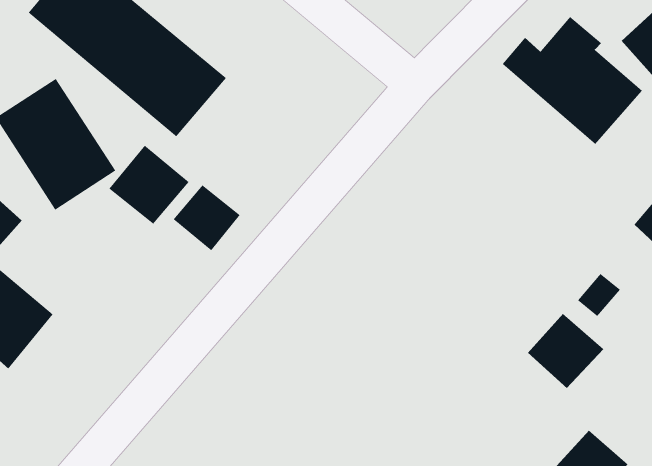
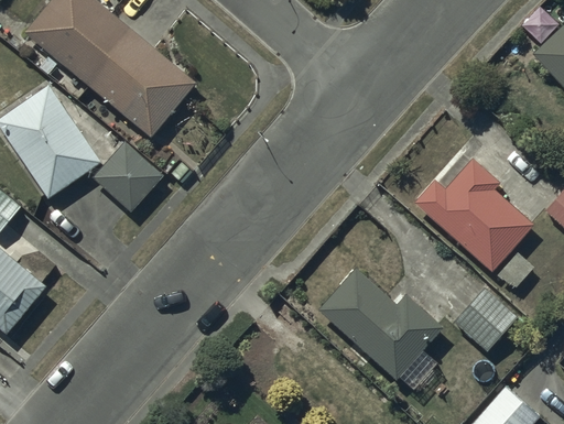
building: [502,16,643,145] -> [413,160,534,270]
building: [173,184,241,251] -> none
building: none -> [317,267,445,381]

